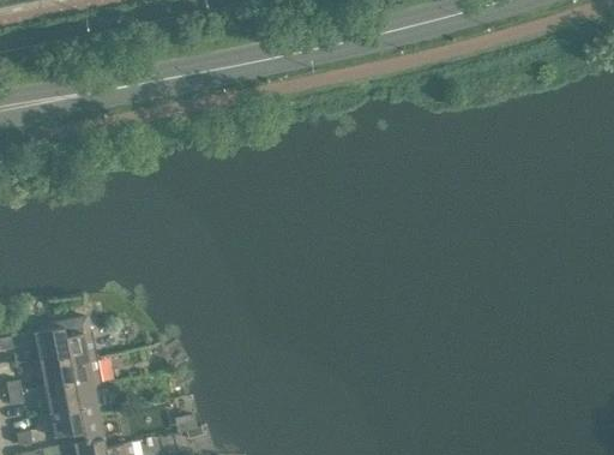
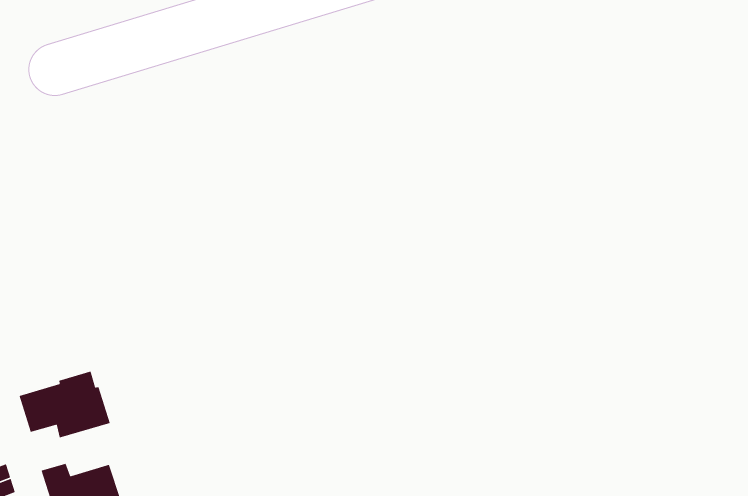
building: [40,355,103,393] -> none

